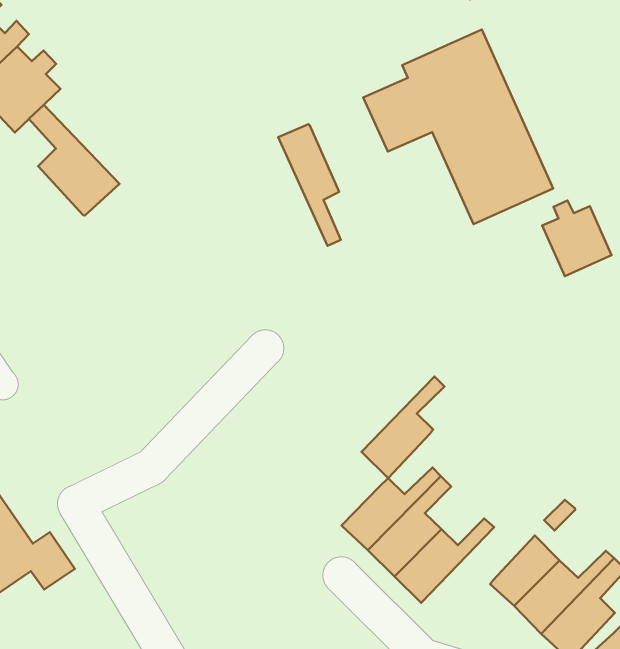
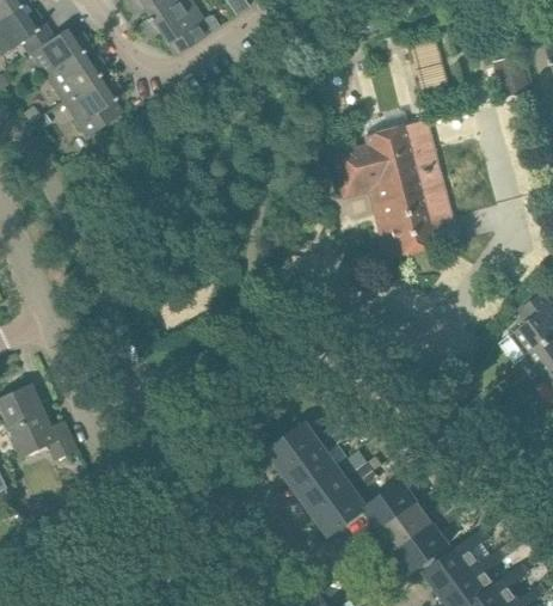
building: [29,105,120,215] -> none
building: [278,124,341,246] -> none
building: [542,200,612,276] -> none
building: [362,376,445,478] -> [314,470,380,535]

